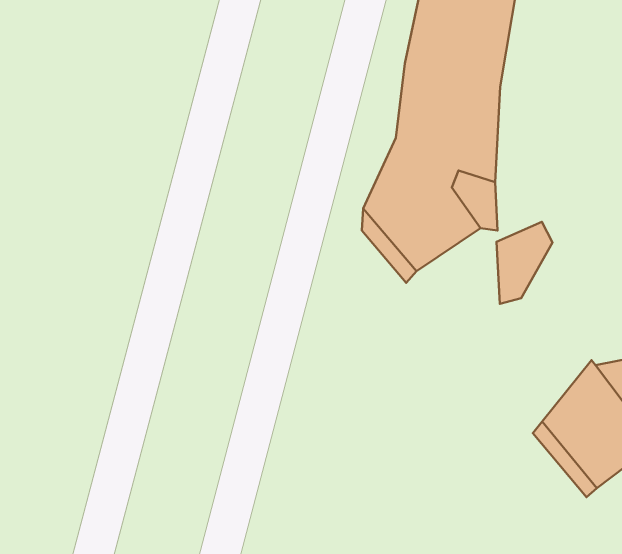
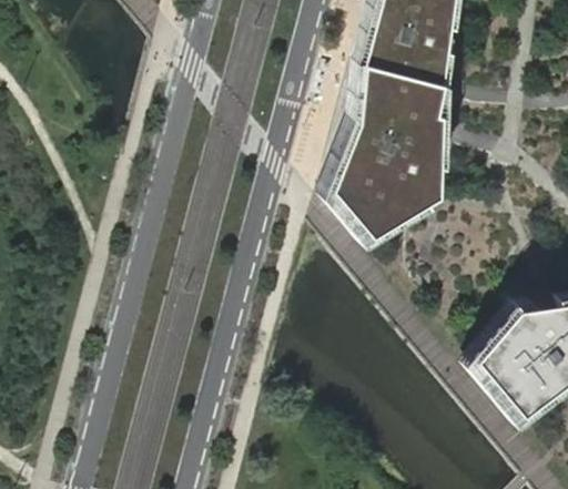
building: [497,222,552,304] -> none

